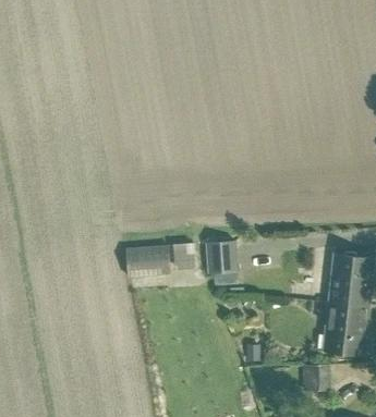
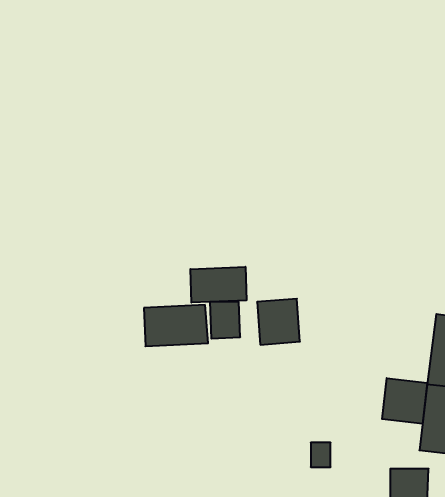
building: none -> [190,267,246,303]
building: none -> [382,378,427,424]

